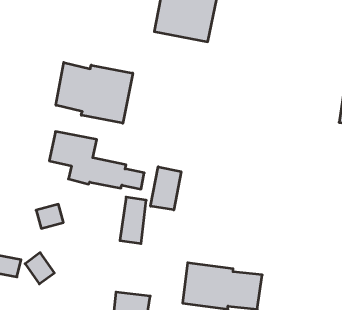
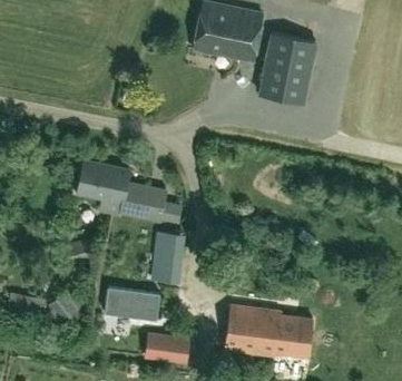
building: none -> [261,33,316,102]
building: [56,62,133,123] -> none
building: [151,167,181,210] -> none
building: none -> [105,286,160,320]

